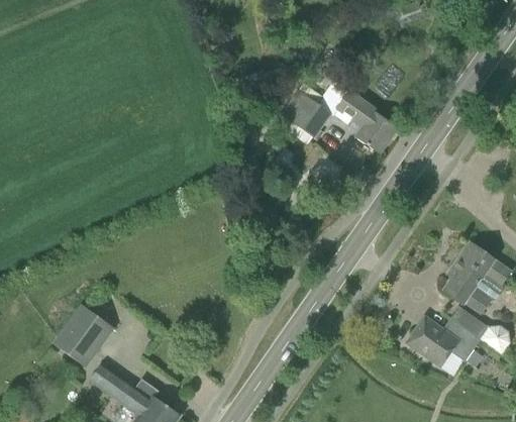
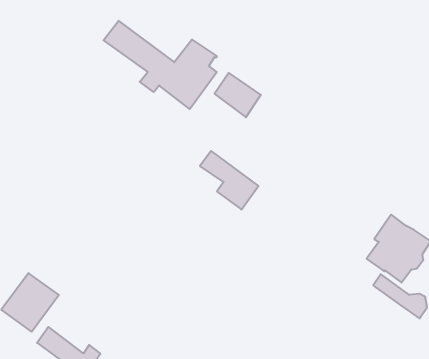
building: none -> [104,21,217,109]
building: [335,91,398,153] -> [200,151,258,210]
building: [405,316,479,366] -> none

